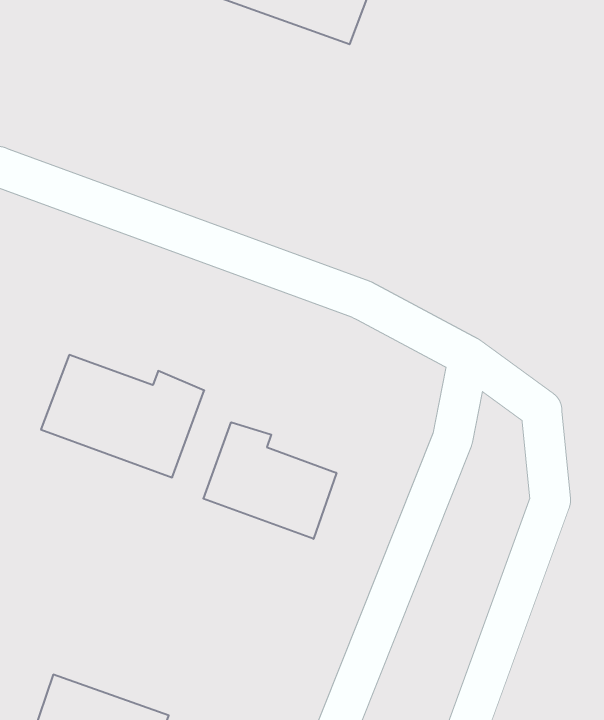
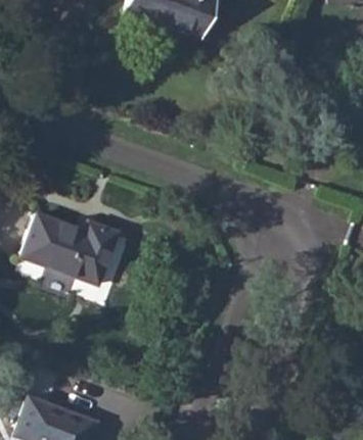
building: [203,422,336,539] -> none

